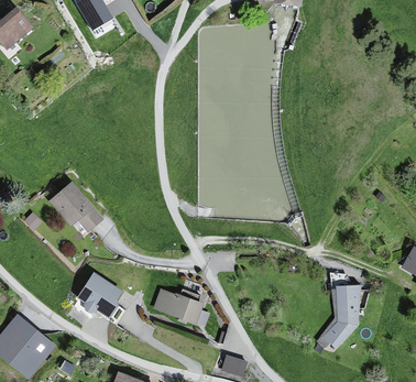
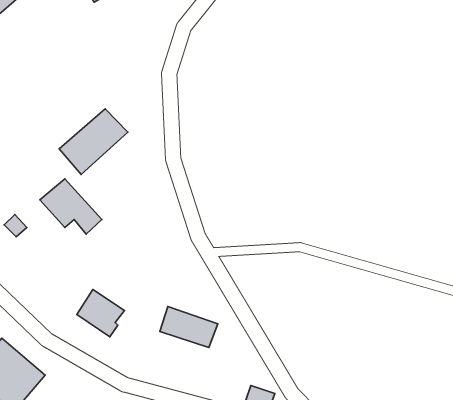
building: none -> [59,109,128,174]
building: [318,284,360,350] -> none

